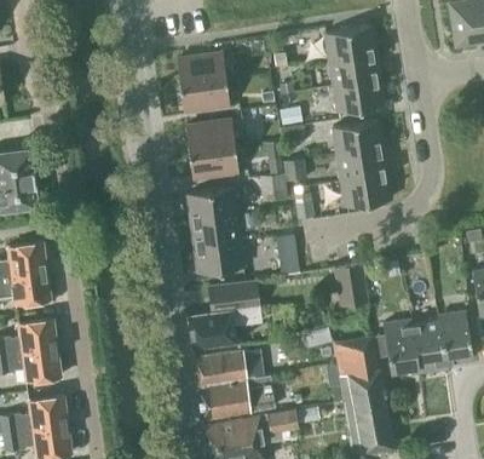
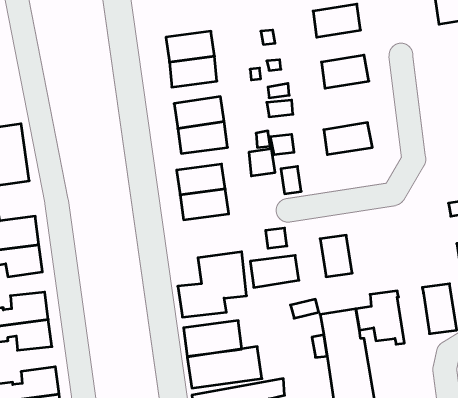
building: [329,52,378,85] -> none
building: [333,120,381,154] -> none
building: [340,172,390,205] -> none
building: [194,240,243,272] -> [250,255,299,287]
building: [411,321,446,372] -> none

